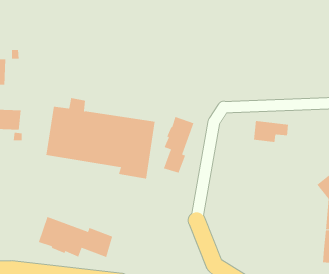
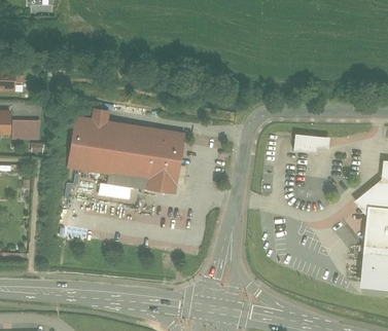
building: [163,116,194,174] -> none
building: [38,216,113,258] -> none

